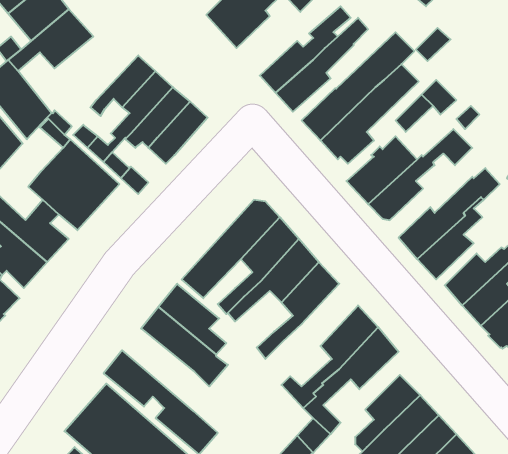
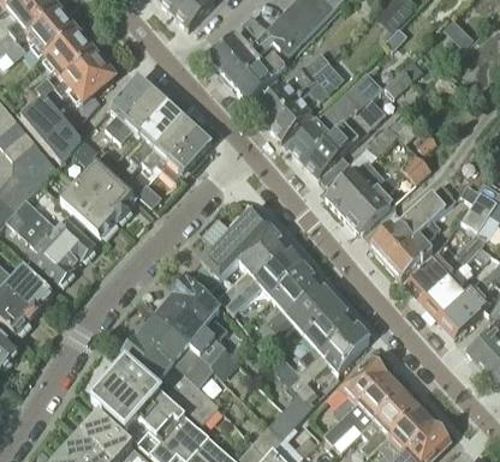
building: none -> [234,53,287,100]
building: none -> [105,76,153,133]
building: none -> [258,280,335,348]
building: none -> [139,317,214,385]

